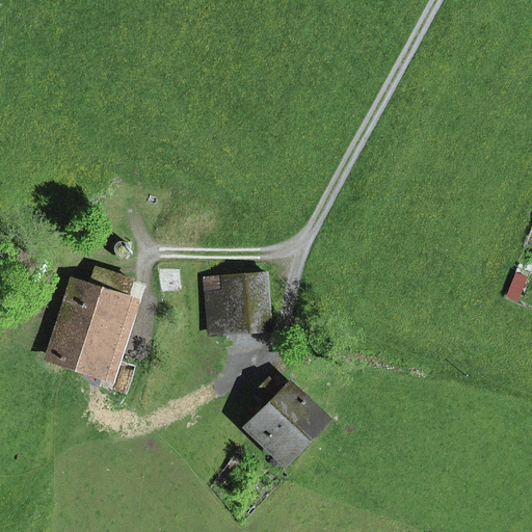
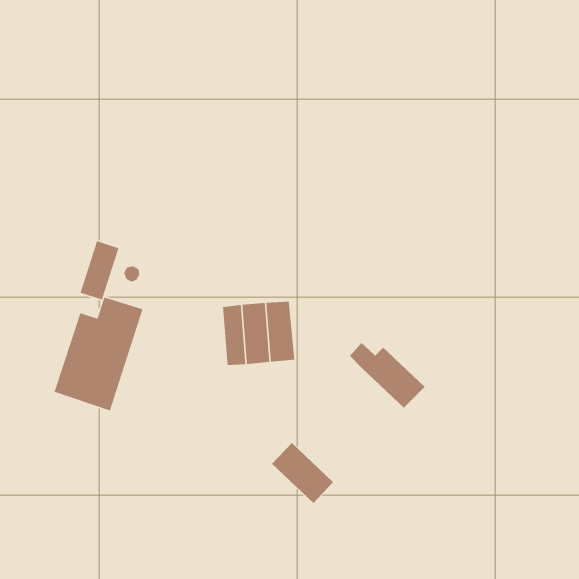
building: none -> [79,240,119,300]
building: [255,382,324,443] -> [349,342,425,408]

